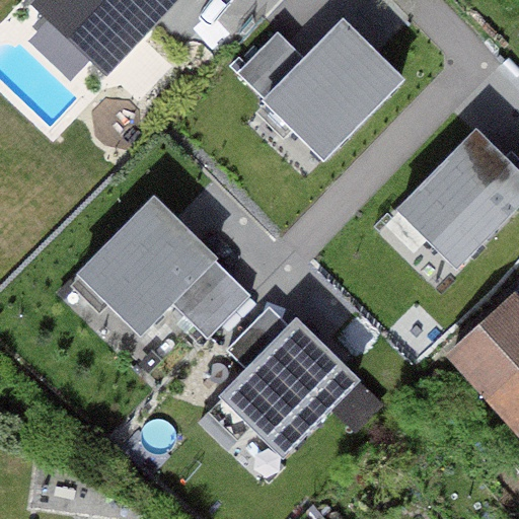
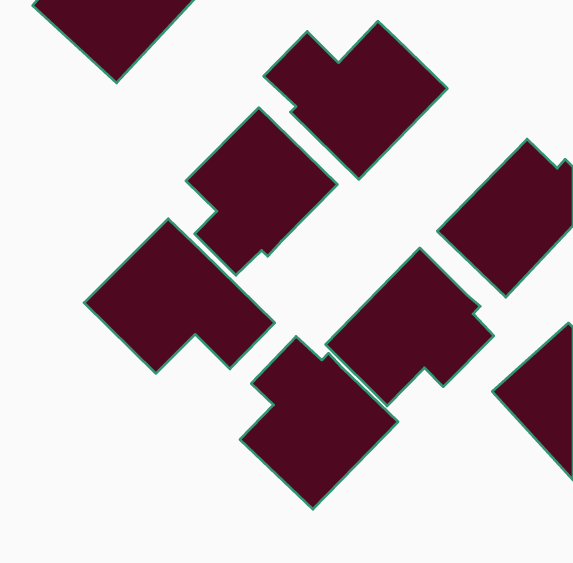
building: none -> [186,108,337,275]
building: none -> [326,248,494,406]

